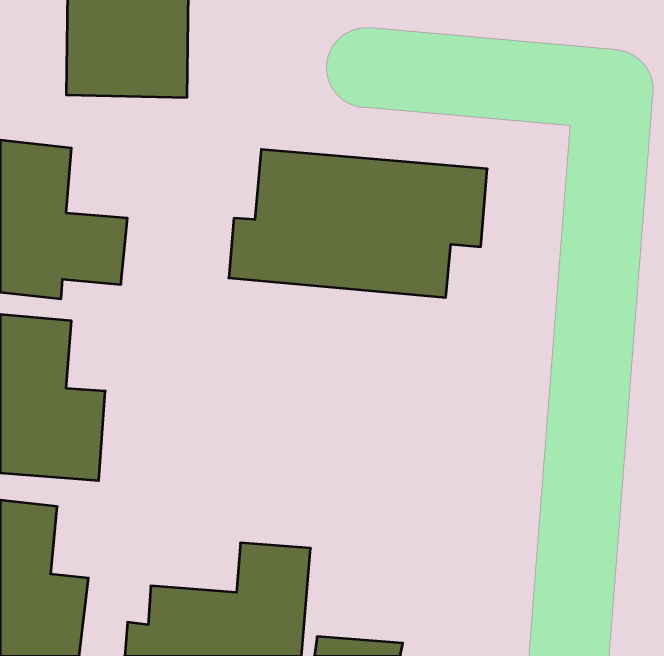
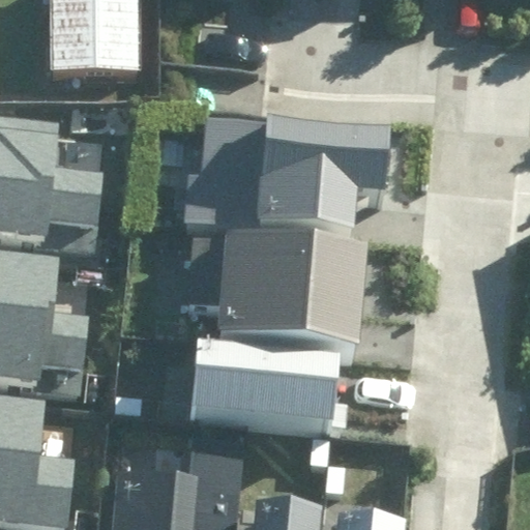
building: none -> [188,233,369,350]
building: none -> [189,350,337,424]

